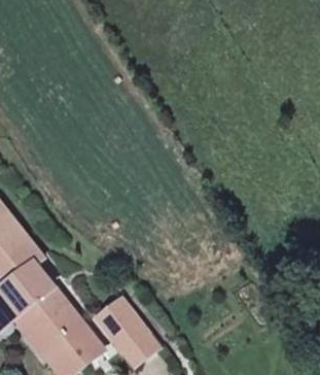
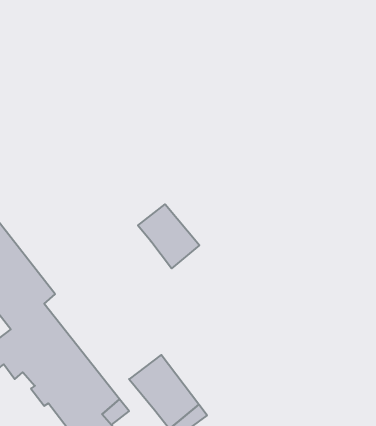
building: none -> [138,204,199,268]

